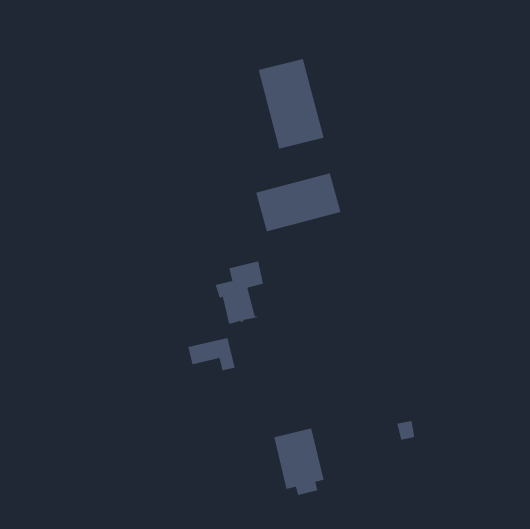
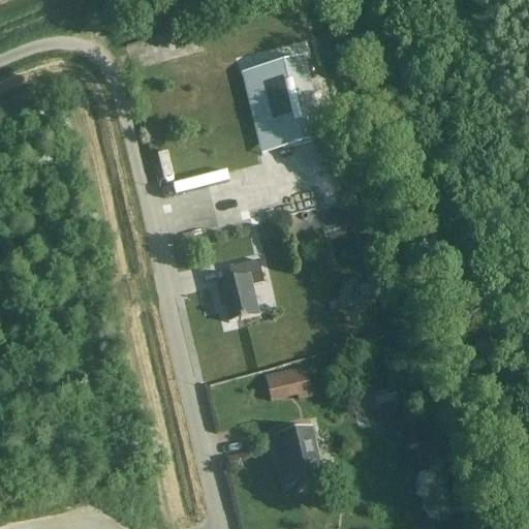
building: [256,173,341,232] -> none
building: [188,338,236,371] -> [261,364,309,397]

